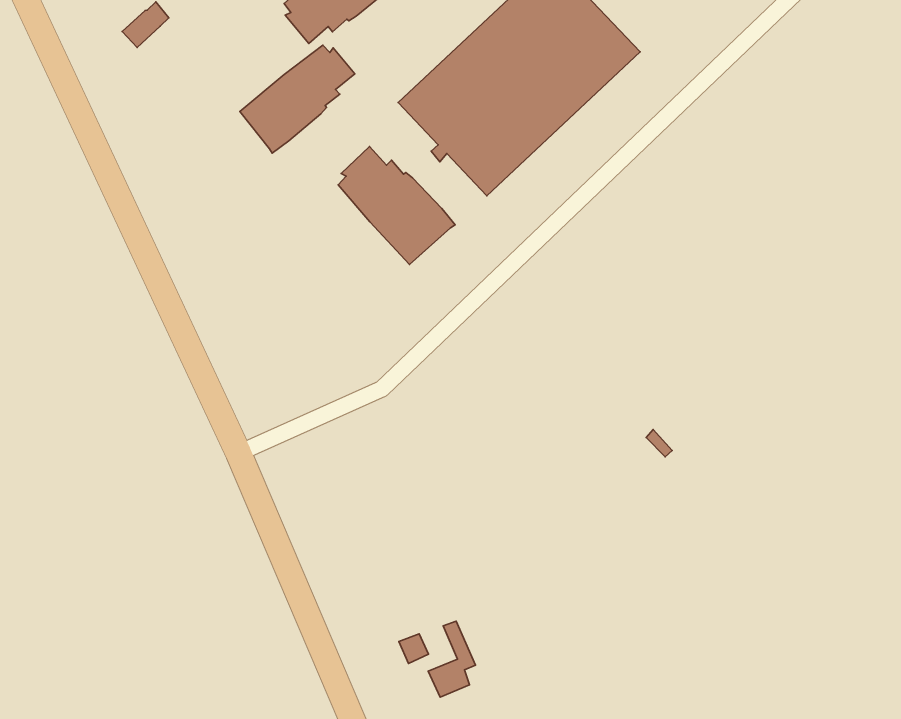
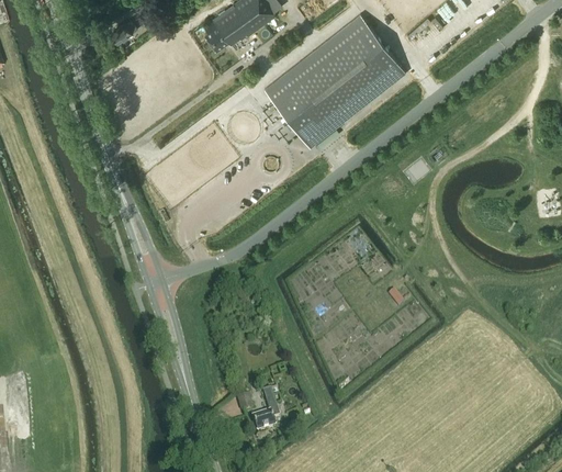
building: [240,45,355,153] -> none
building: [338,147,455,265] -> none

